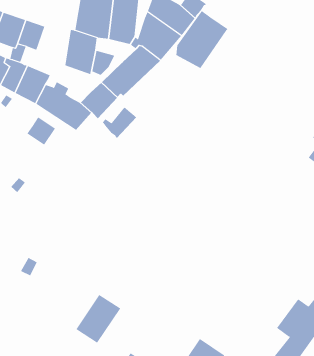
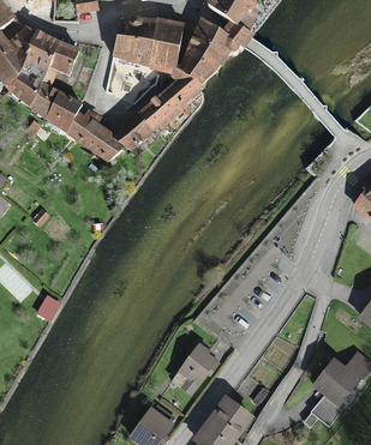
building: [176,10,229,69] -> none
building: [102,107,137,139] -> none
building: [26,117,56,145] -> none
building: [75,294,121,343] -> [168,343,219,396]

